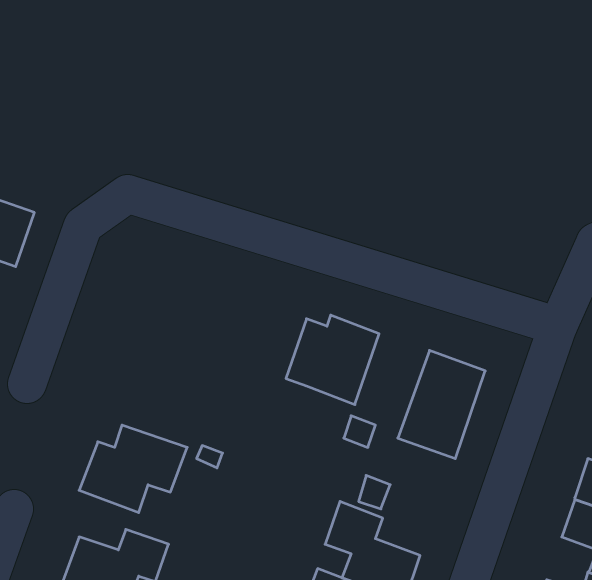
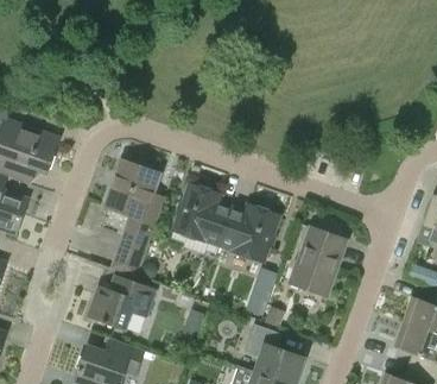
building: none -> [107,162,160,277]
building: none -> [173,184,232,245]

